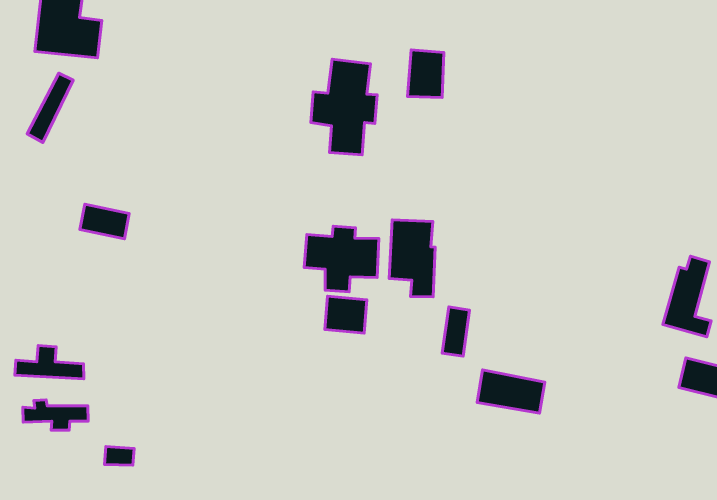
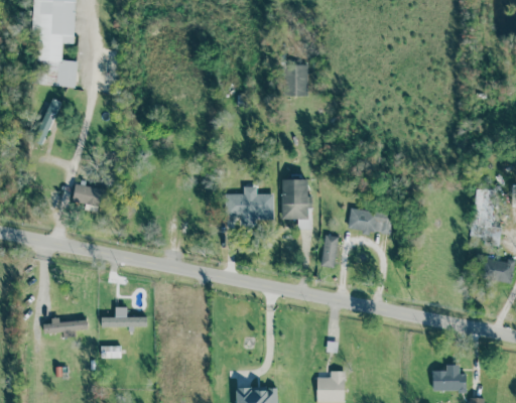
building: [311,59,377,155] -> none
building: [325,296,367,333] -> none
building: [15,345,84,379] -> [101,306,147,327]
building: [477,370,545,413] -> [348,208,392,234]

